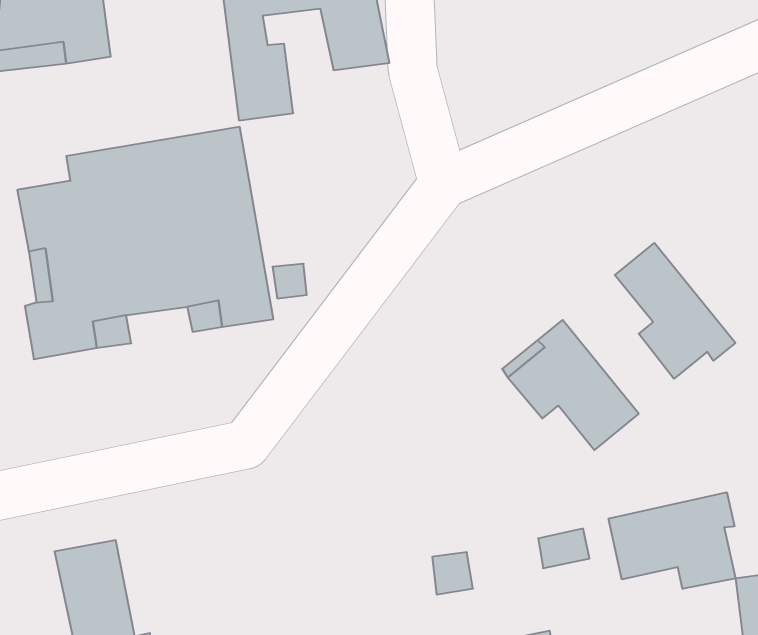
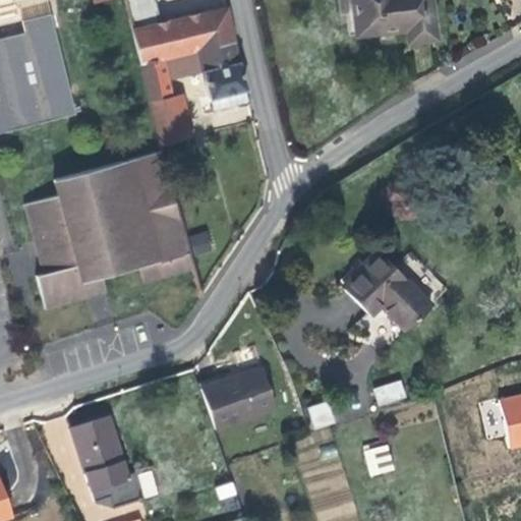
building: [615,243,735,379] -> none
building: none -> [199,366,275,428]
building: [608,492,735,589] -> none

